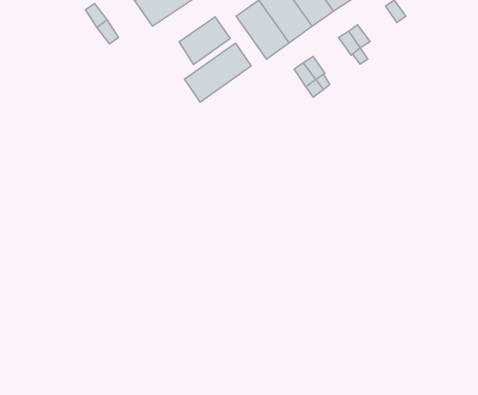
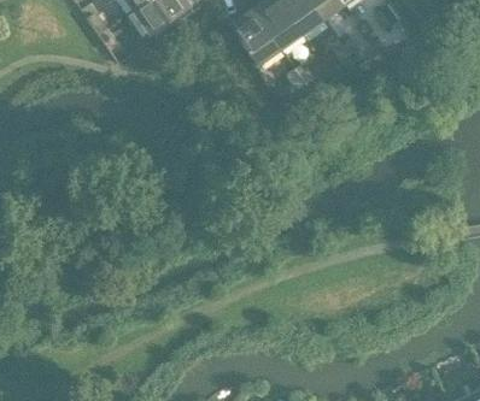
building: [179,17,230,65] -> none
building: [184,43,251,102] -> none

